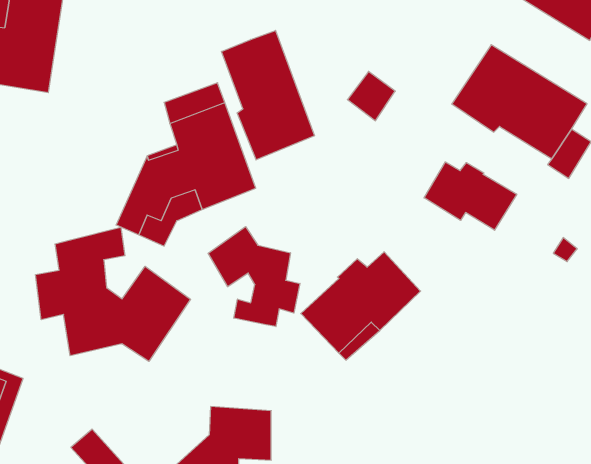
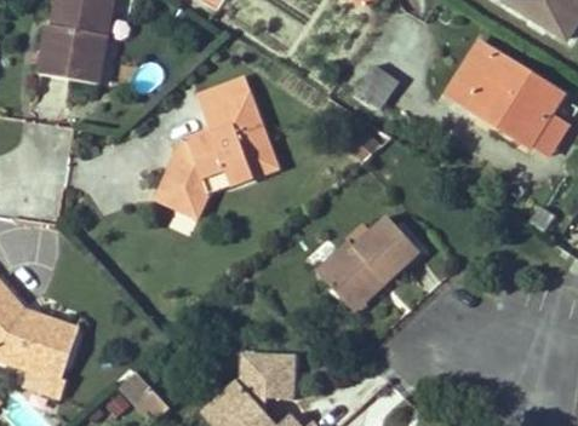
building: [222,30,315,160] -> none
building: [424,162,517,230] -> none
building: [208,227,300,327] -> none
building: [36,227,191,361] -> none

